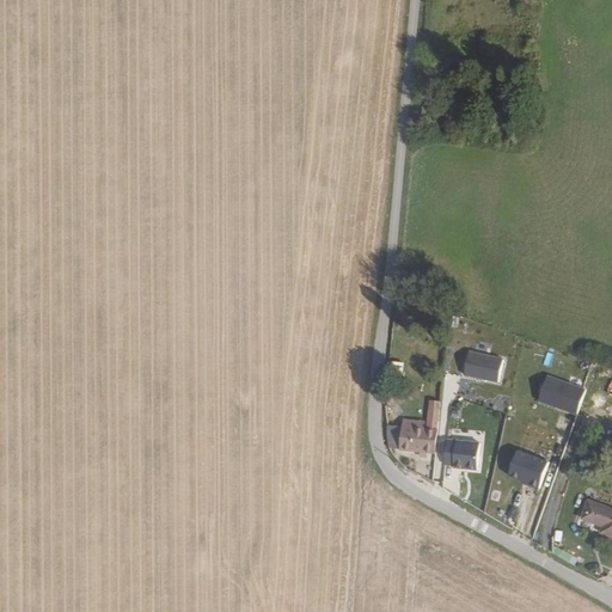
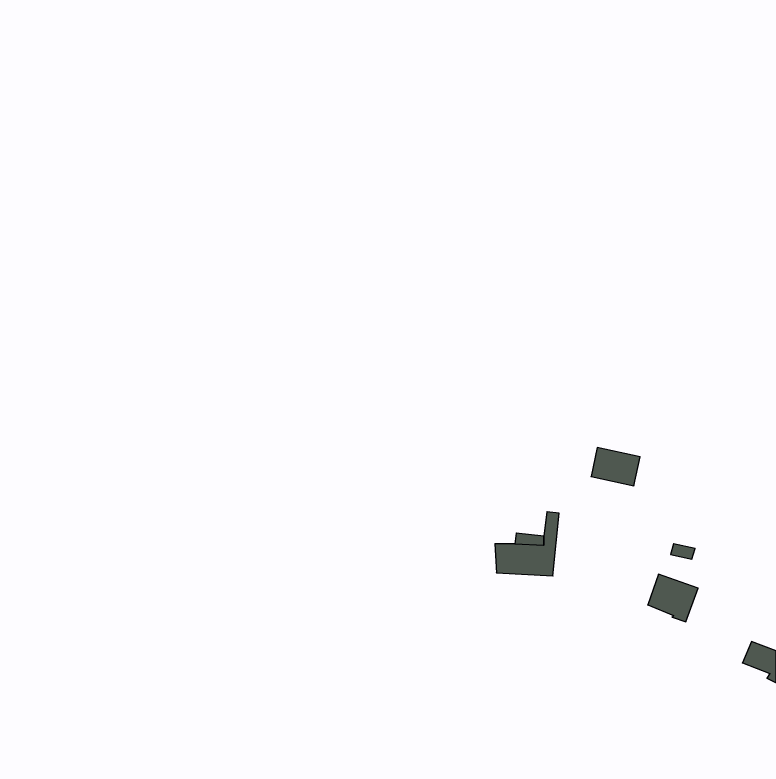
building: [537,375,585,414] -> none
building: [443,440,478,470] -> none

